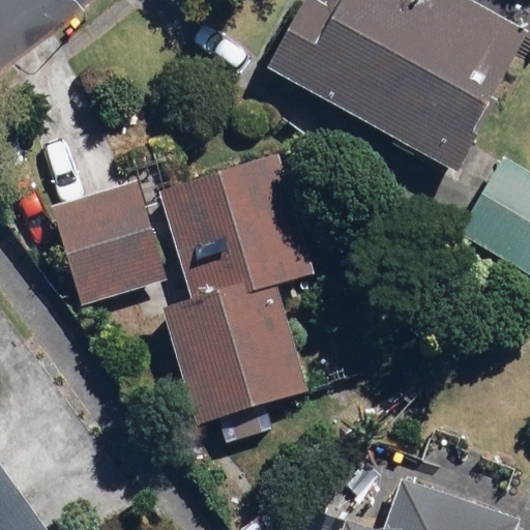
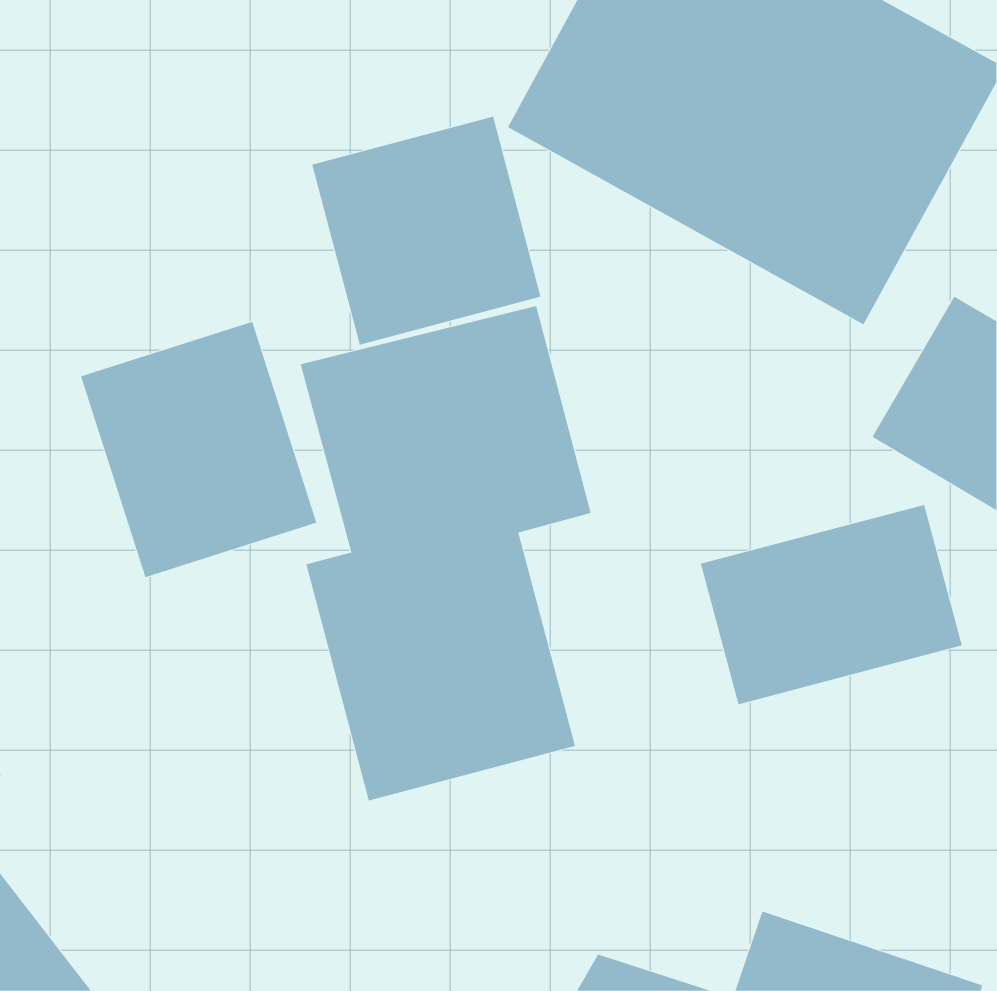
building: none -> [311,116,541,346]
building: none -> [700,504,962,705]

